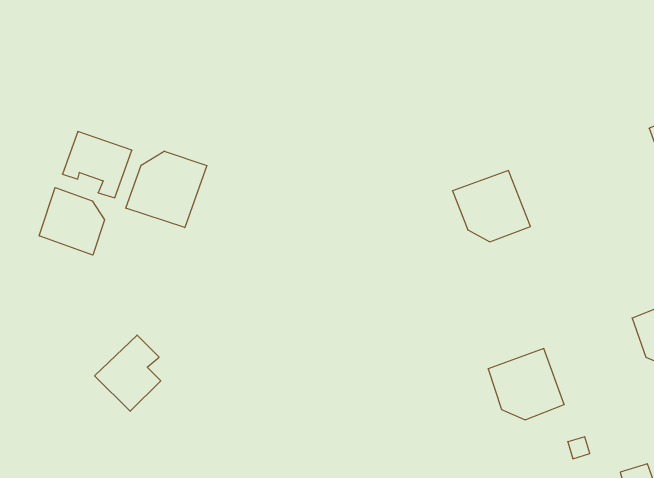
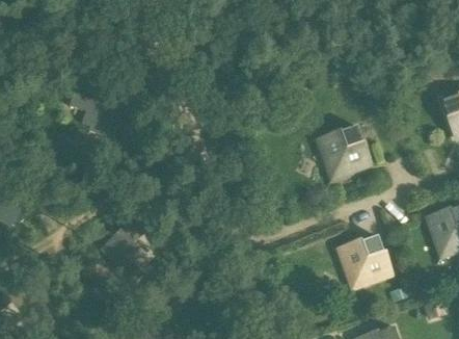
building: [126,151,207,228] -> none
building: [39,188,105,255] -> none

